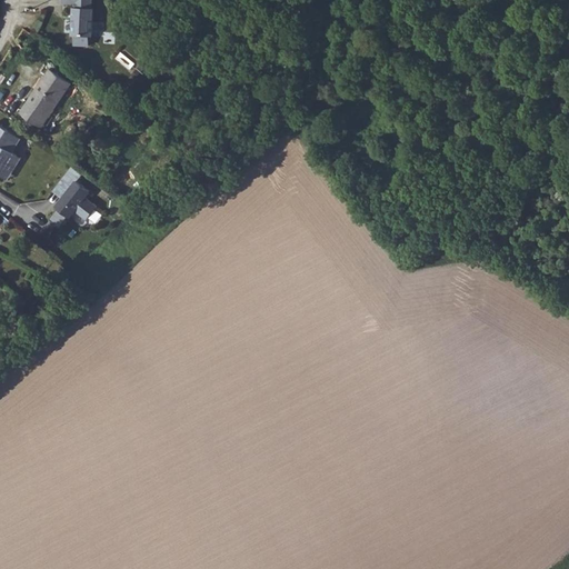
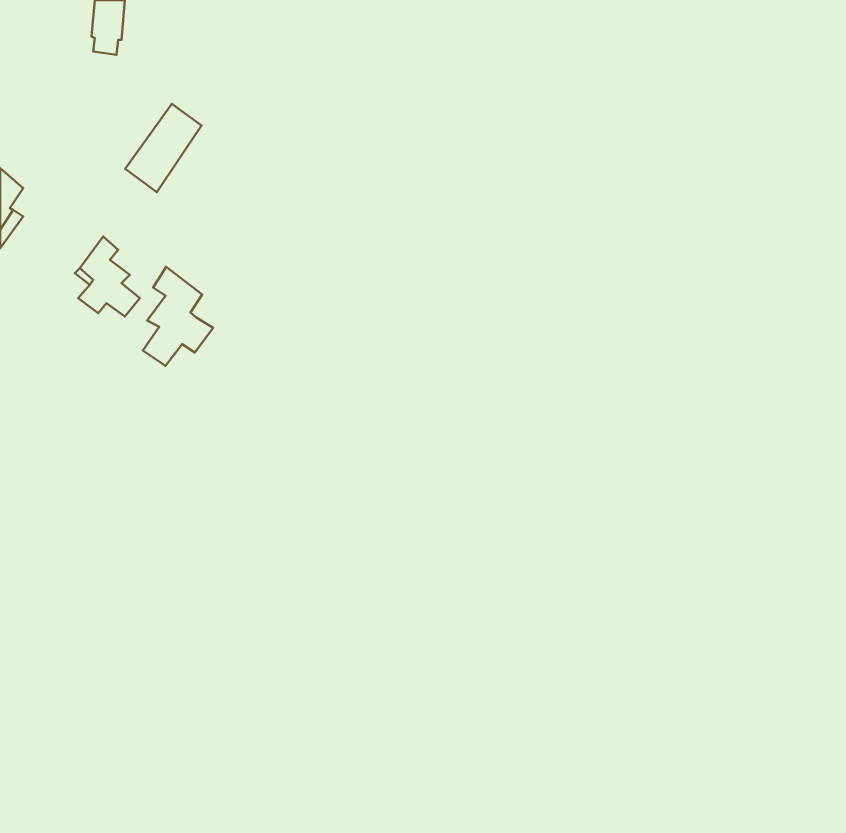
building: [20,69,71,128] -> [125,104,202,192]
building: none -> [143,267,213,366]

